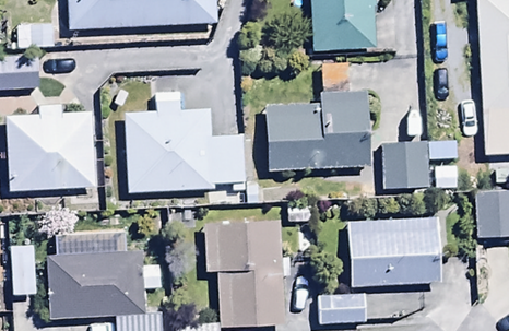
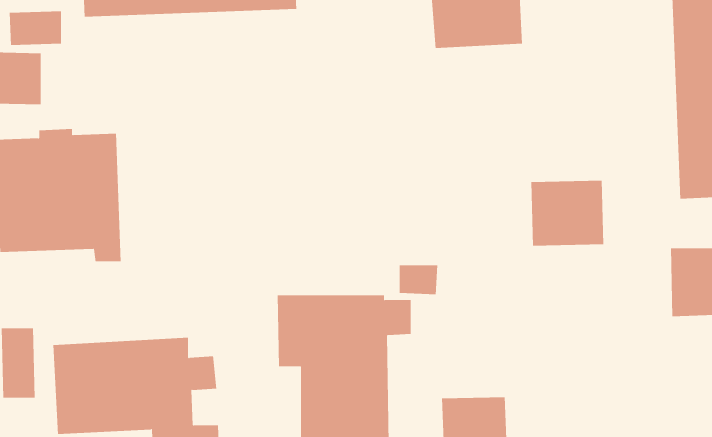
building: [267,90,370,170] -> none
building: [125,92,246,193] -> none
building: [346,215,439,286] -> none

